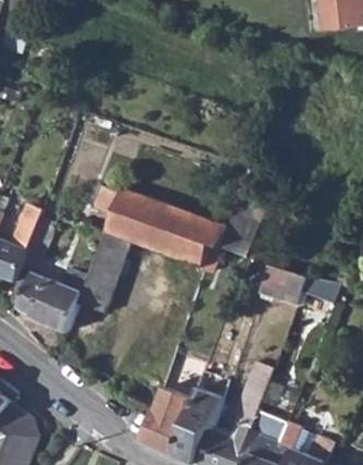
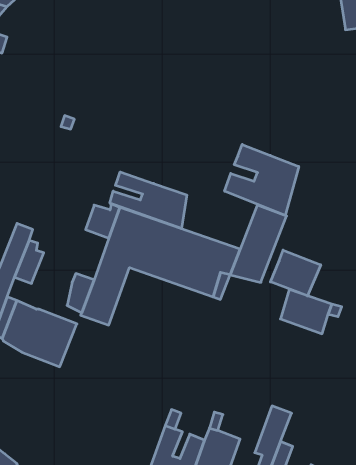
building: none -> [225,144,299,215]
building: none -> [110,172,187,229]
building: none -> [270,250,321,296]

